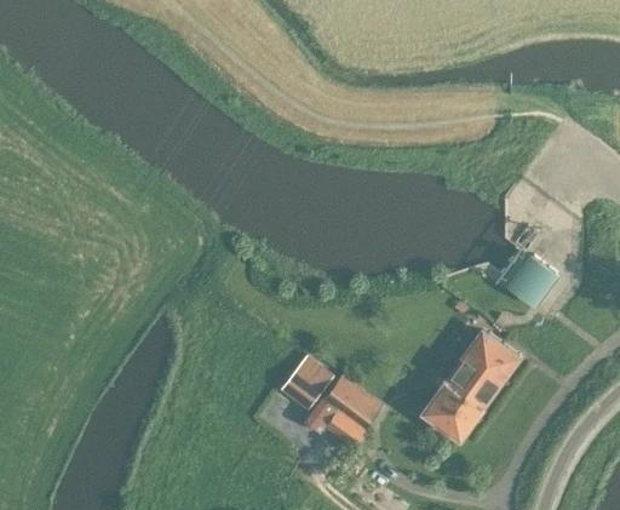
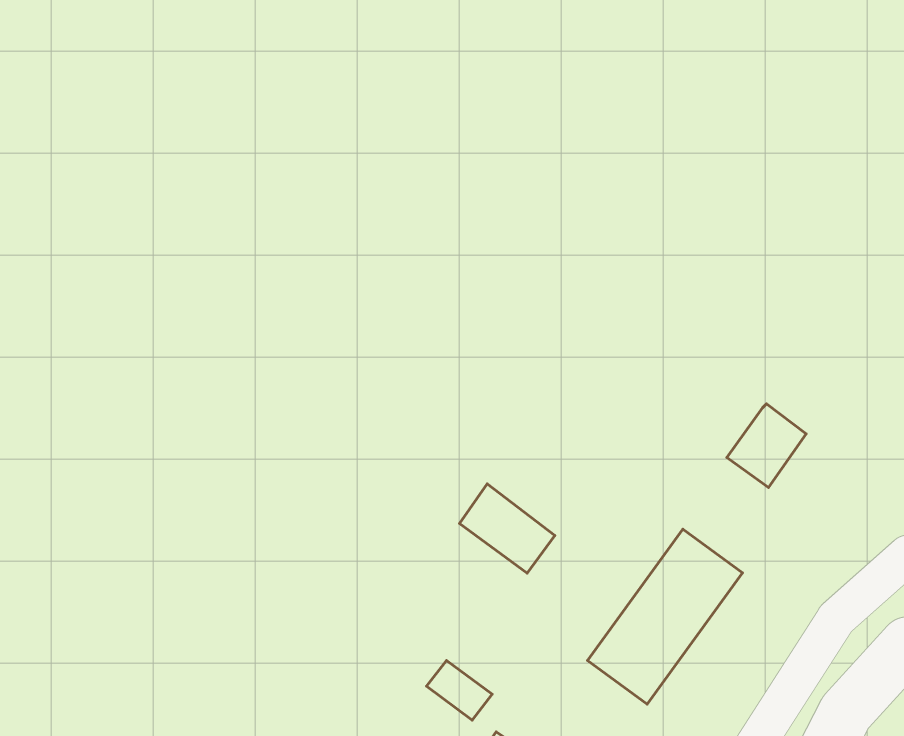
building: [281,362,328,411] -> none
building: [325,374,383,429] -> [459,484,555,573]

